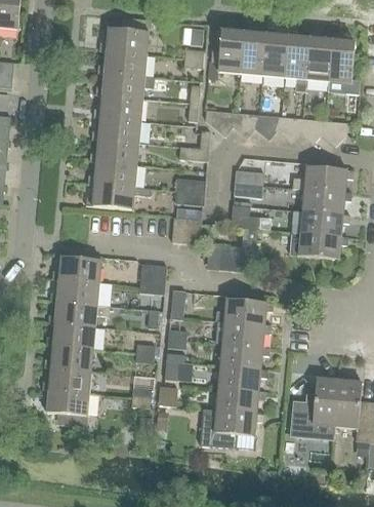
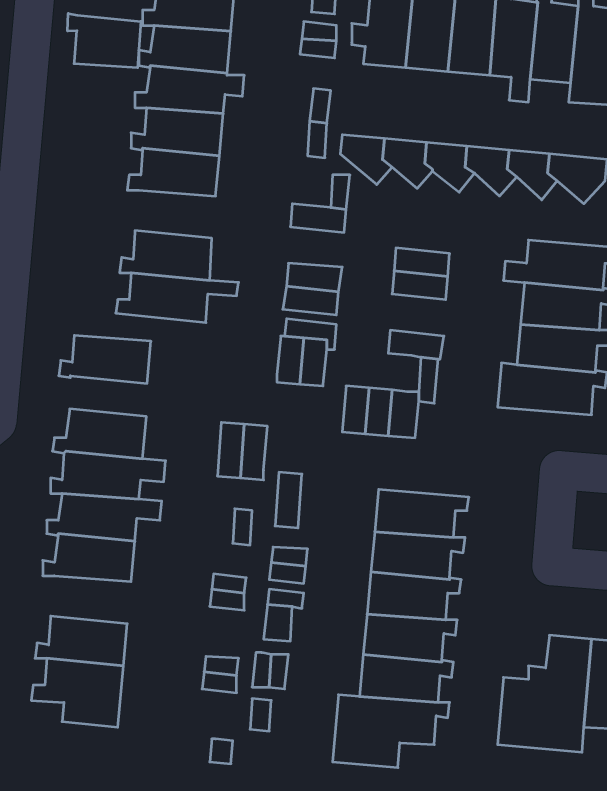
building: none -> [68,13,141,68]
building: [89,139,138,164] -> [59,335,151,383]
building: [44,345,93,370] -> none

